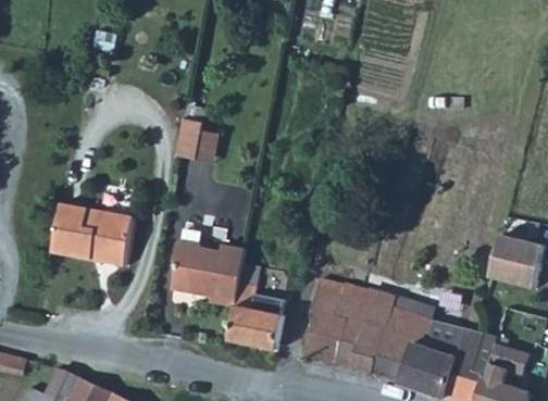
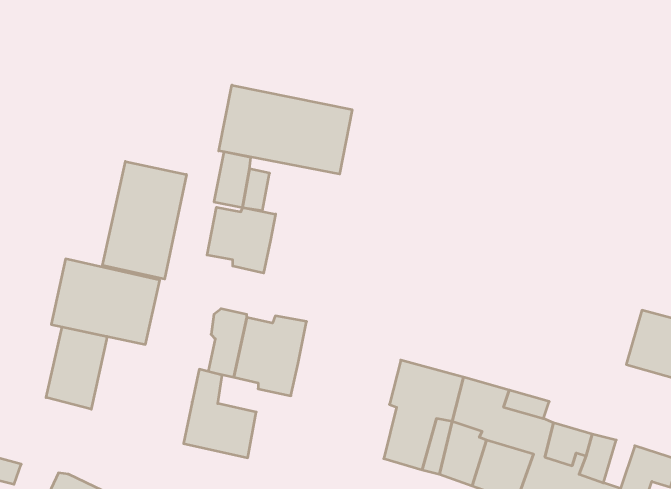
building: none -> [219,85,352,174]
building: none -> [102,161,186,279]
building: none -> [207,207,276,273]
building: none -> [46,327,107,409]
building: [227,280,283,348] -> [184,369,256,458]

